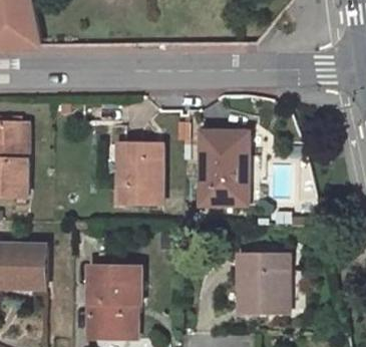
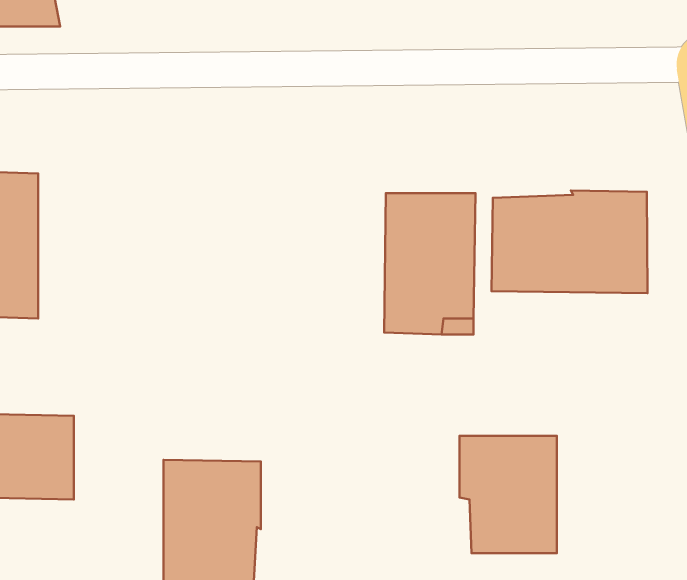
building: none -> [491,191,648,293]
building: [117,142,159,202] -> none

